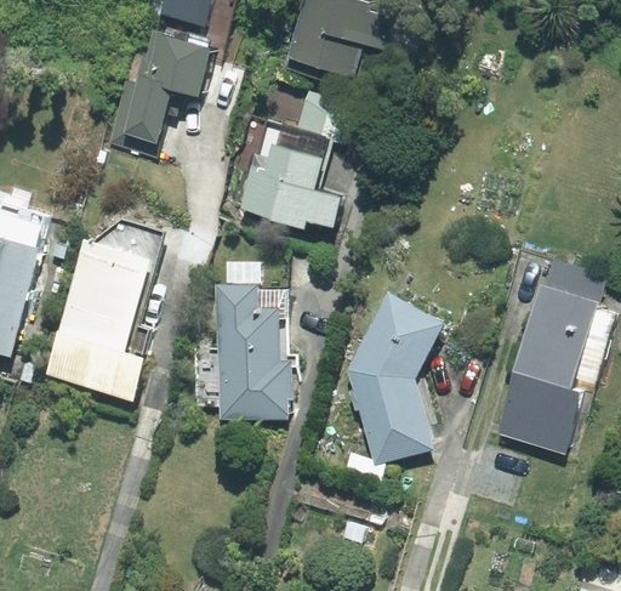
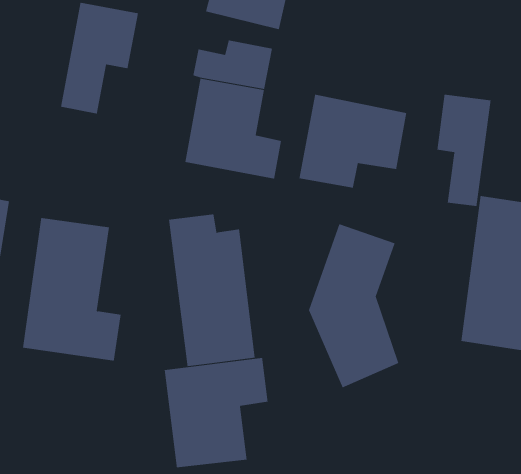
building: none -> [299,94,407,188]
building: none -> [437,94,491,207]
building: none -> [164,357,268,468]

